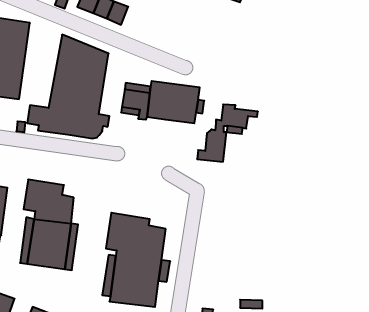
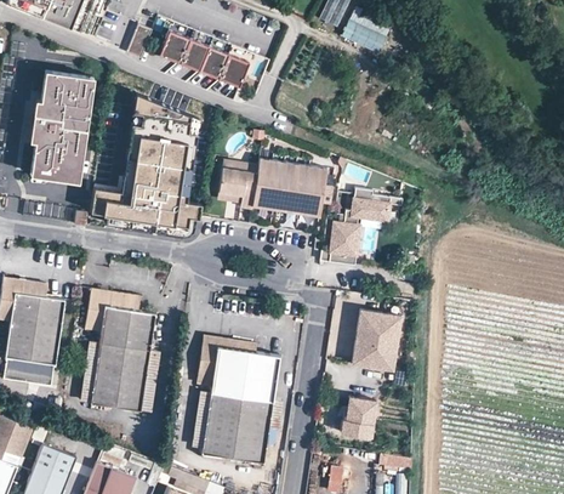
building: none -> [218,56,249,87]
building: none -> [352,306,399,367]
building: none -> [340,393,374,433]

